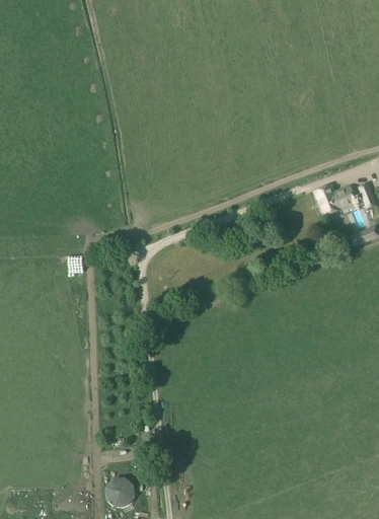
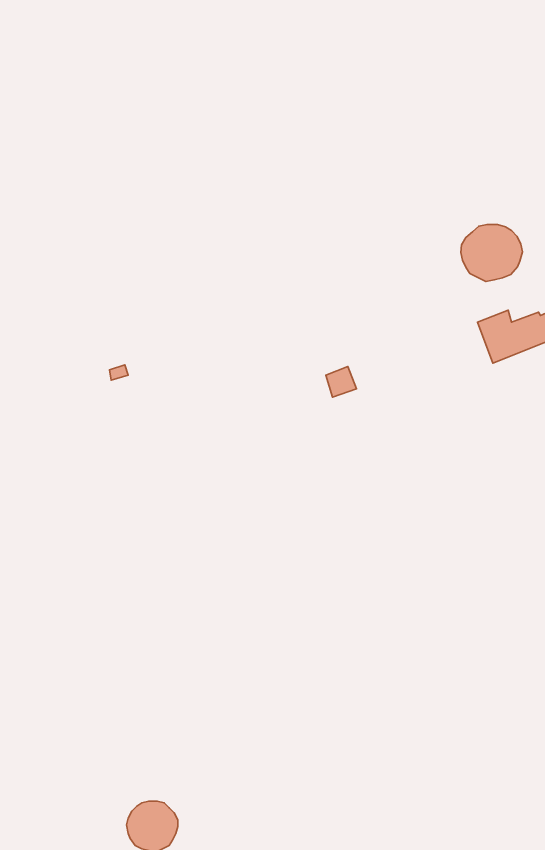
building: none -> [461,224,523,281]

